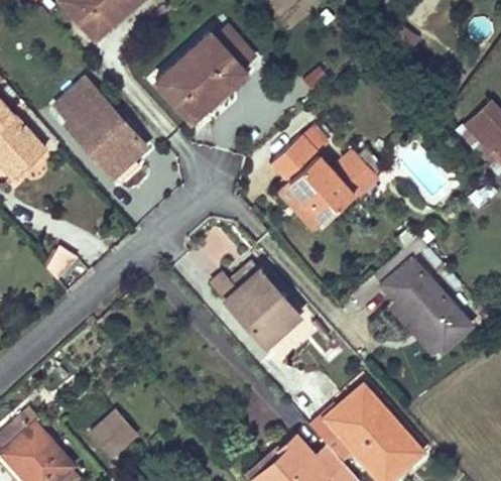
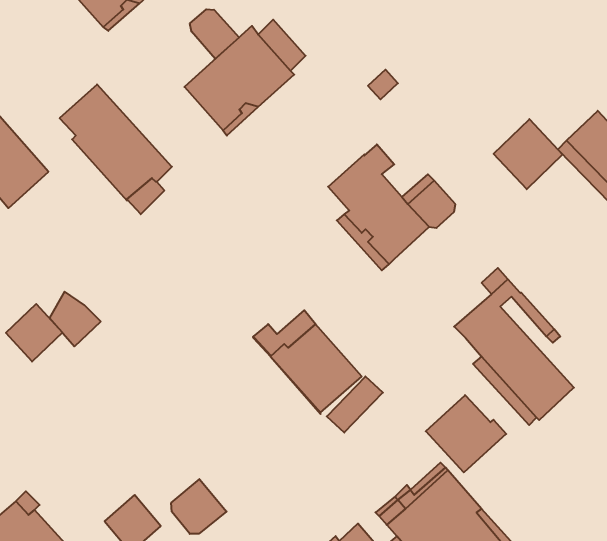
building: none -> [190,9,239,59]
building: none -> [494,119,563,189]
building: none -> [6,304,62,362]
building: none -> [426,395,506,472]
building: none -> [171,479,227,534]

